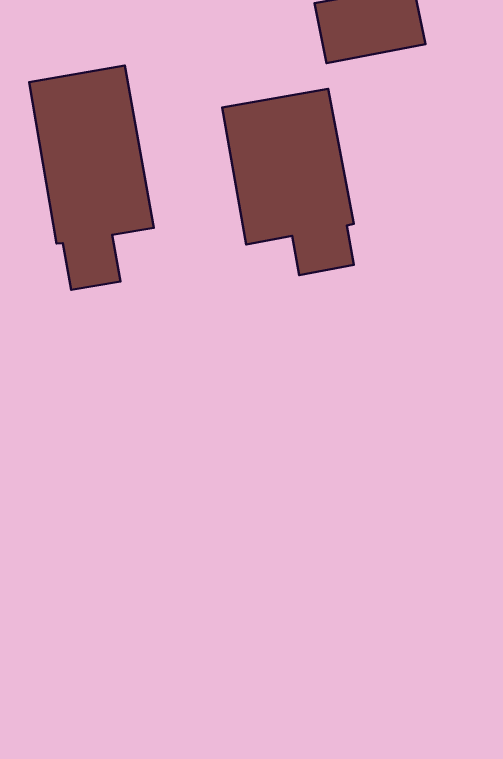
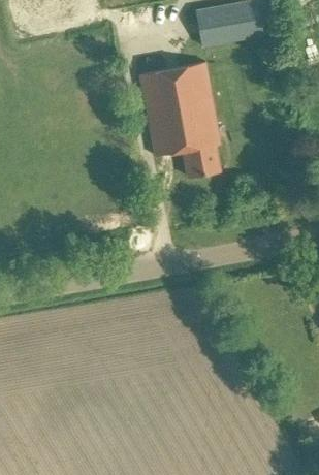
building: [29,65,154,290] -> none

